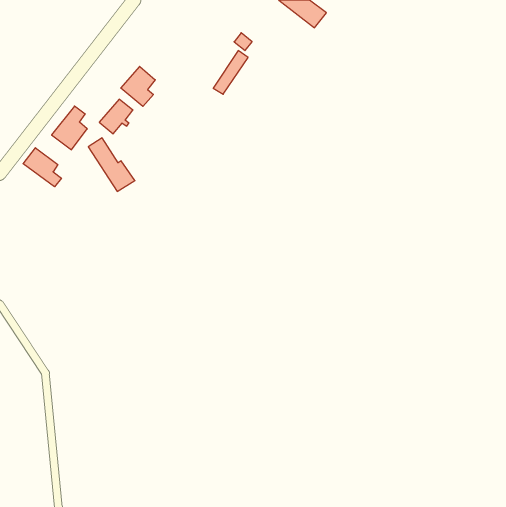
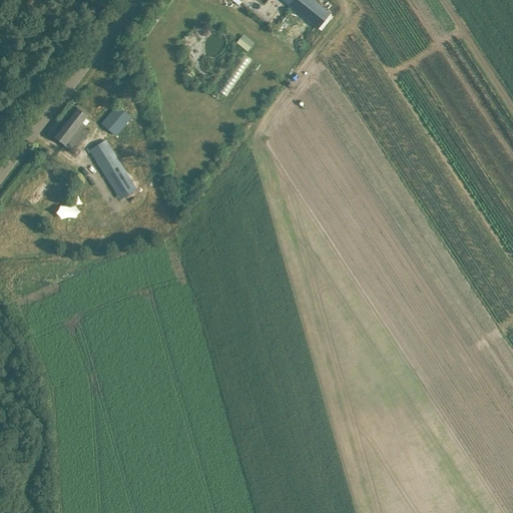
building: [121,66,155,106] -> none
building: [23,148,61,187] -> none

